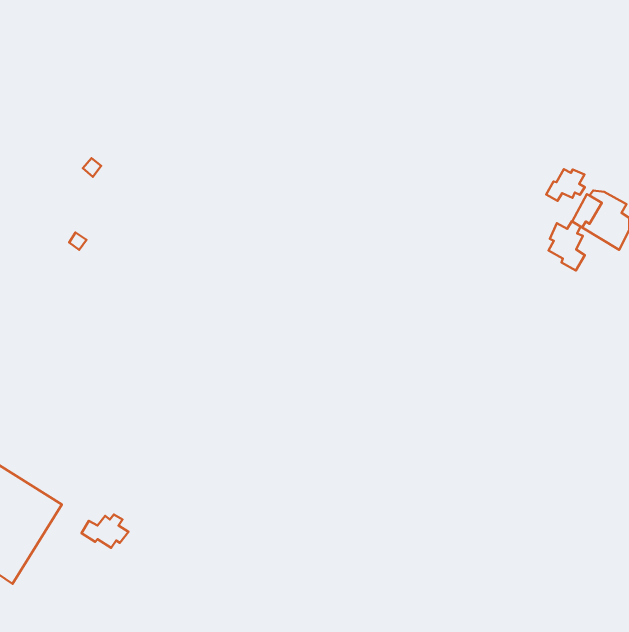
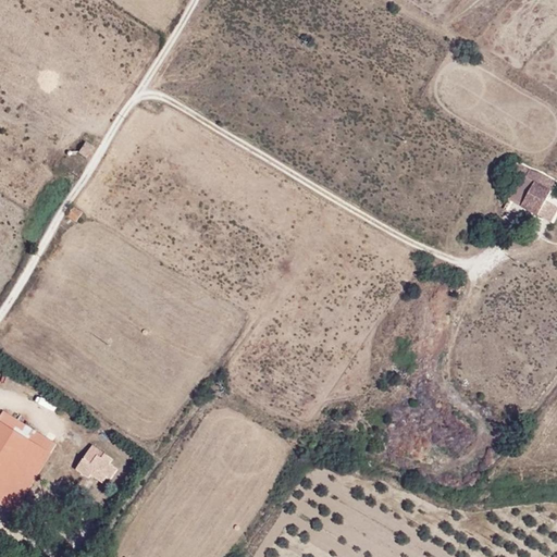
building: [546,169,585,201] -> none
building: [548,221,585,270] -> none

